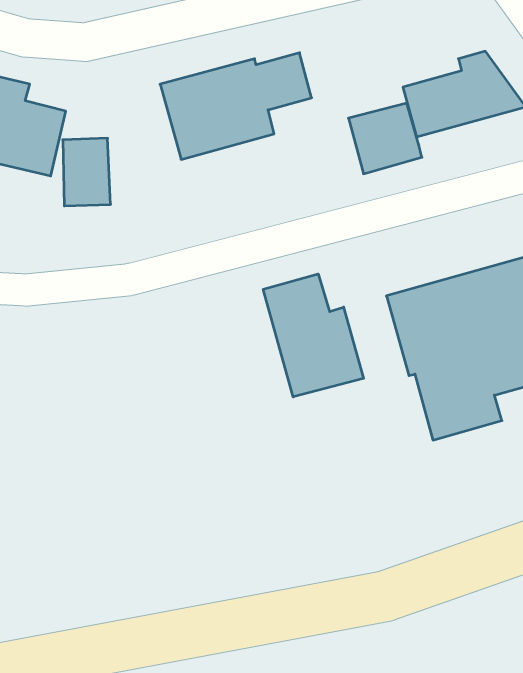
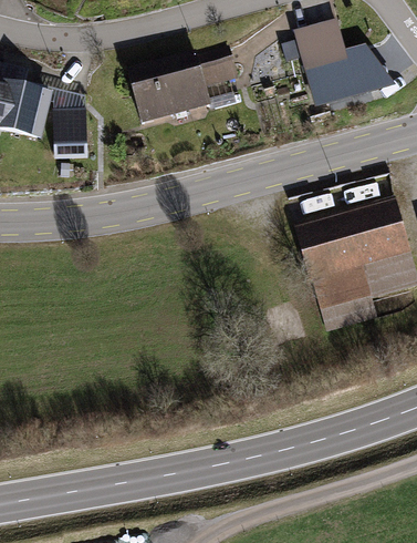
building: [348,103,422,174] -> [294,20,348,72]
building: [263,274,364,397] -> none

